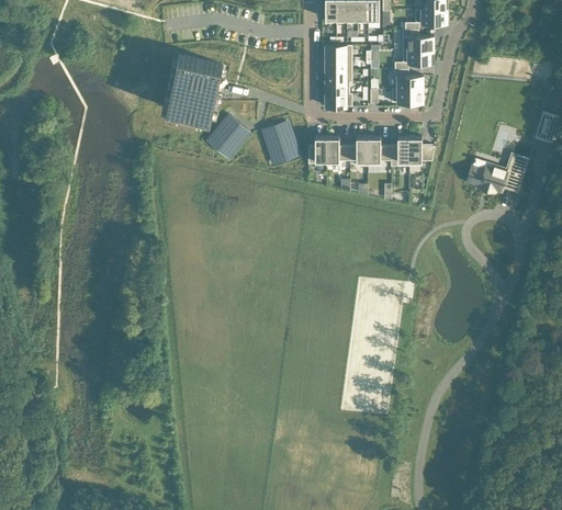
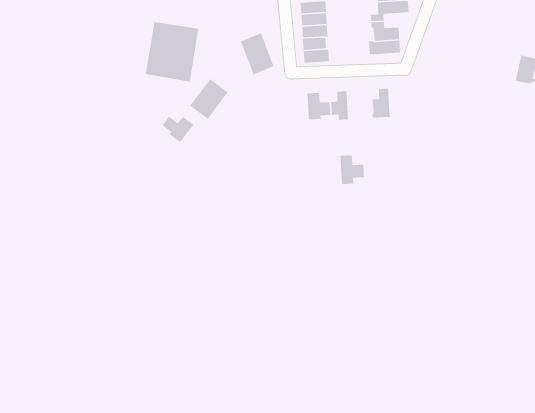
building: [263,122,296,165] -> [240,32,275,76]
building: [307,137,326,165] -> none
building: [367,137,391,167] -> [339,155,365,185]
building: [408,137,435,167] -> none
building: none -> [161,116,194,143]
building: [468,154,529,193] -> none

